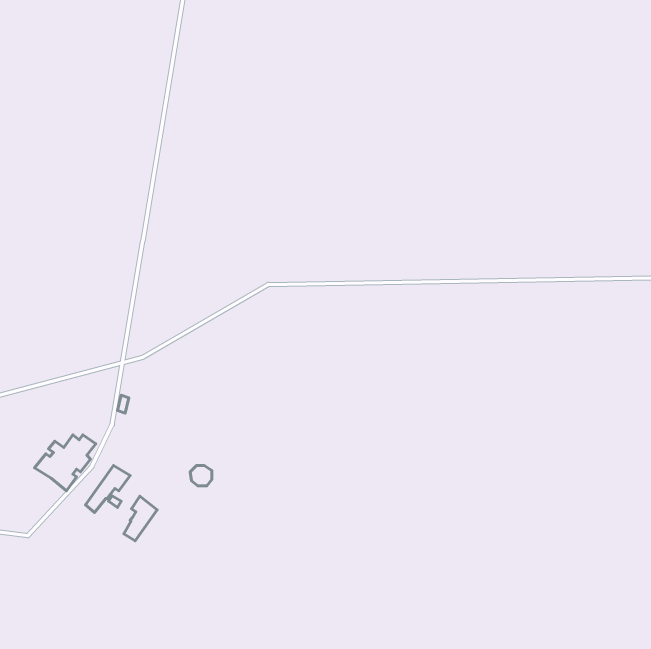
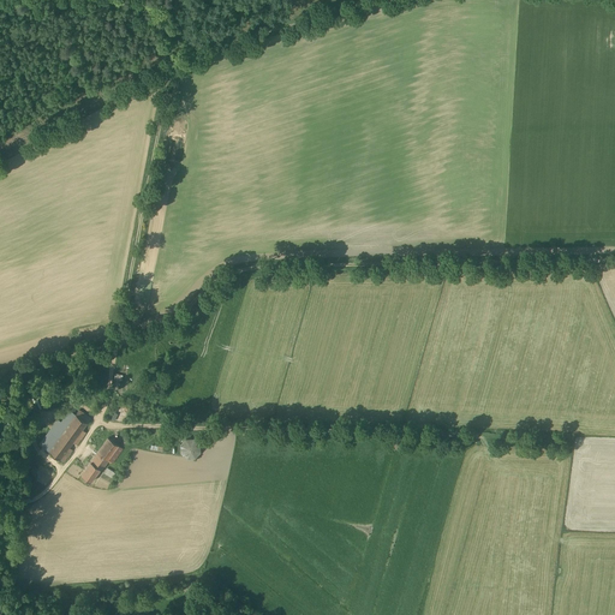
building: [124,496,157,541] -> none

